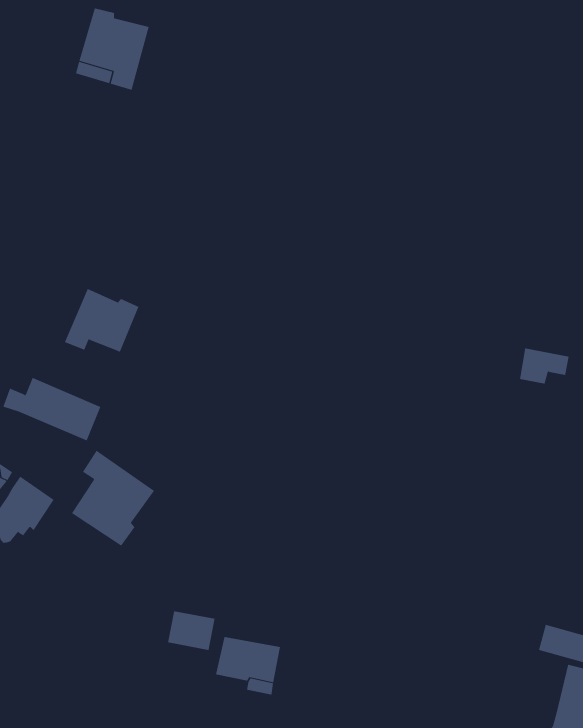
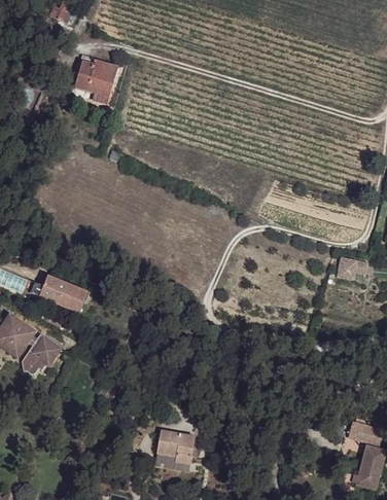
building: [64,288,139,353] -> none
building: [71,450,155,547] -> none
building: [167,610,215,651] -> none

